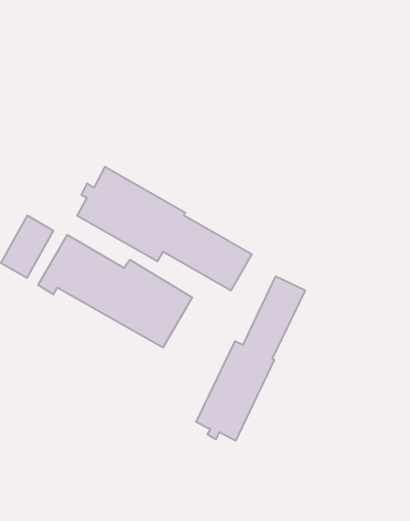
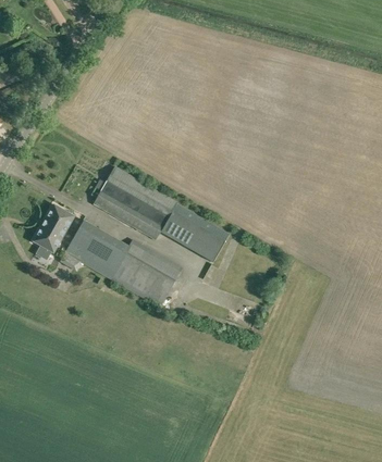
building: [196,276,305,441] -> none

